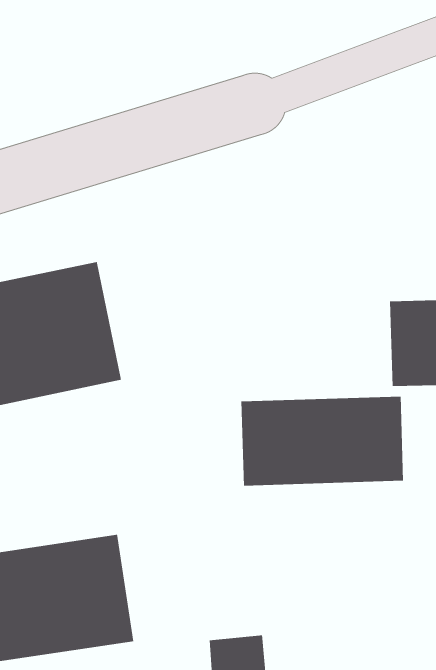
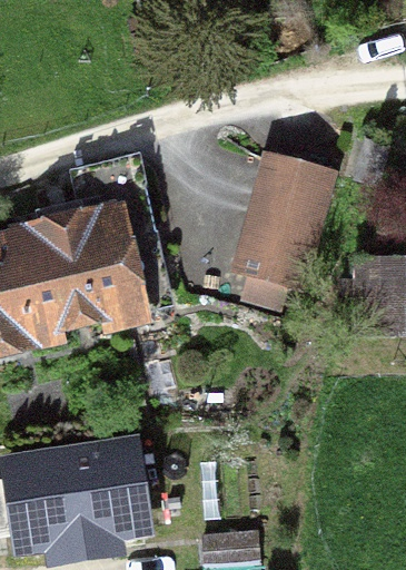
building: none -> [237,154,330,291]
building: [241,396,404,486] -> none

